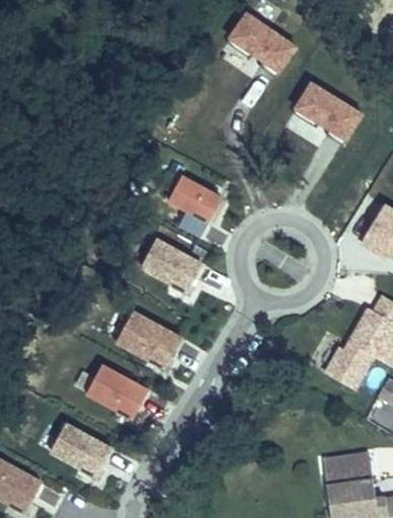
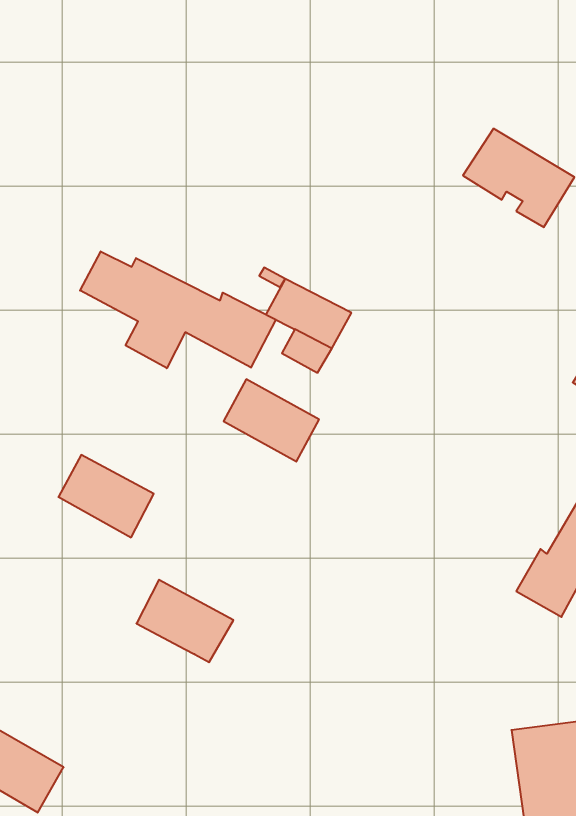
building: [226,12,296,75] -> none
building: none -> [80,251,276,368]
building: [120,315,179,366] -> [58,455,154,537]
building: [51,423,111,474] -> none

